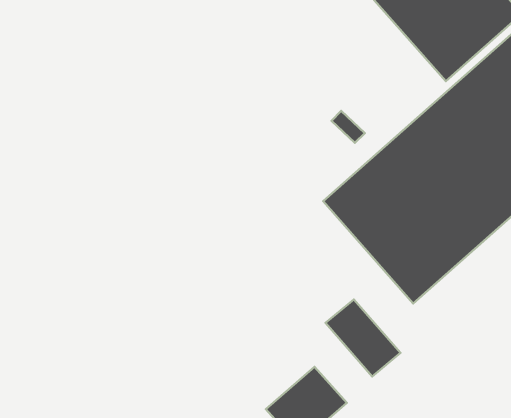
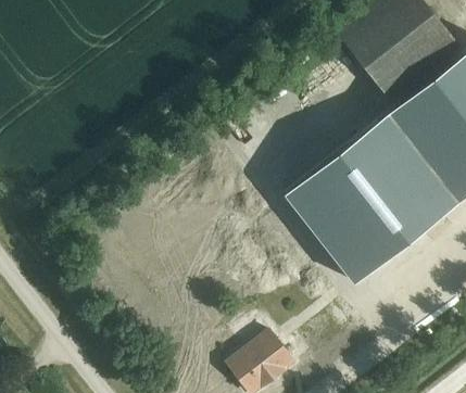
building: [326,299,401,377] -> none

